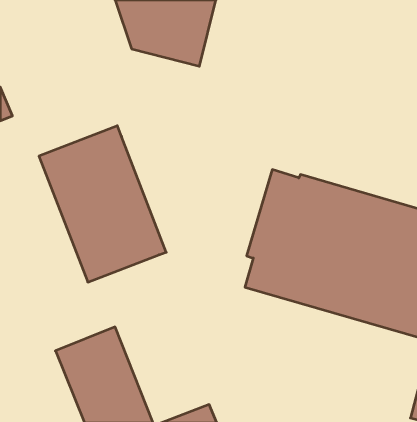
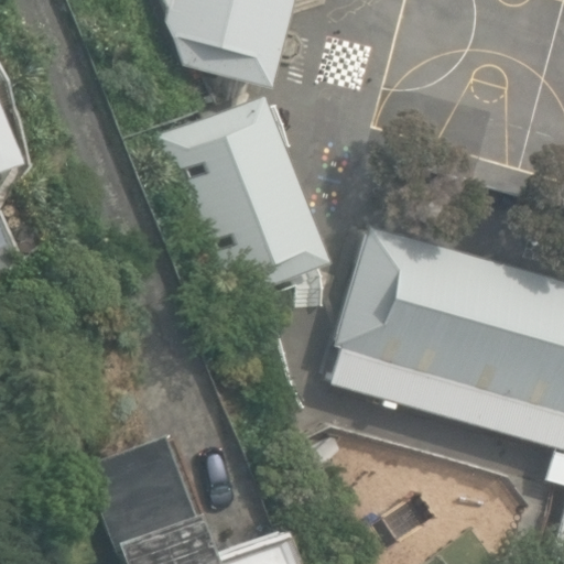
building: [39,126,166,282] -> [162,94,332,302]

